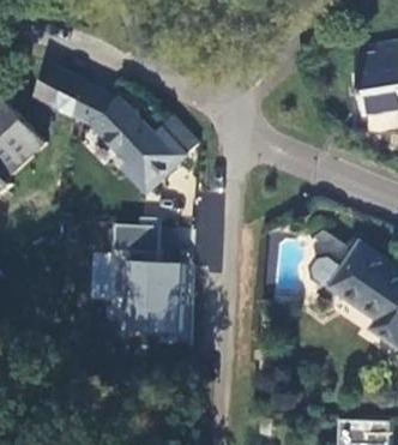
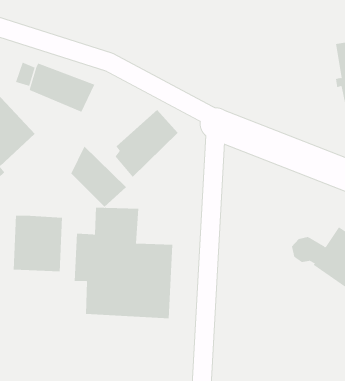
building: [90,92,150,158] -> [71,145,127,207]
building: none -> [13,215,63,272]

